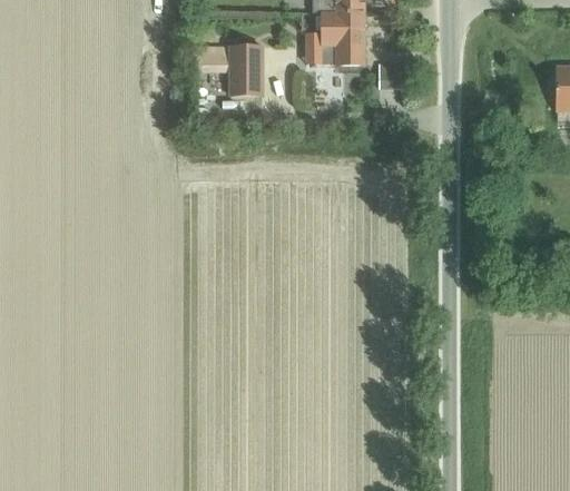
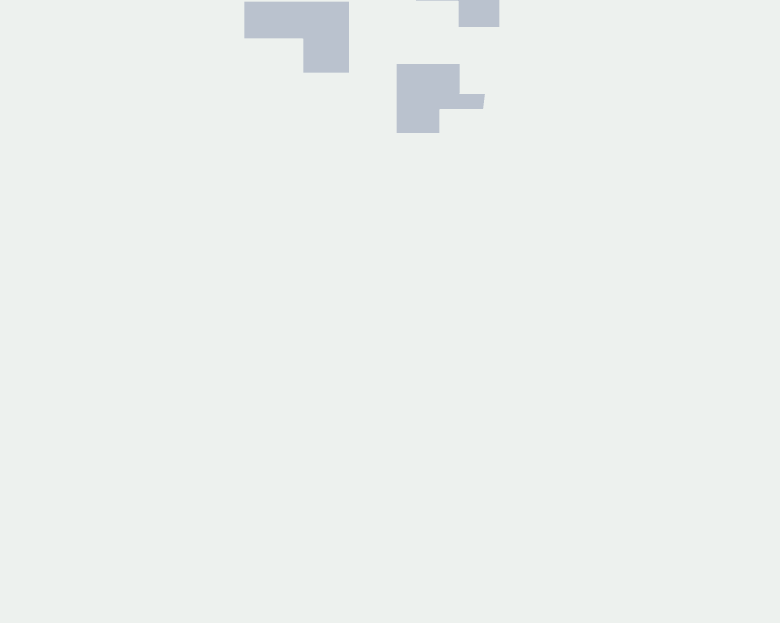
building: none -> [396,63,485,134]

